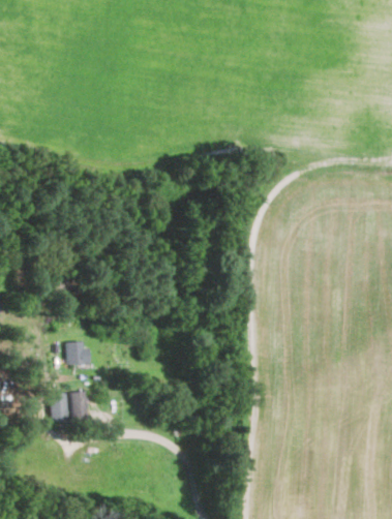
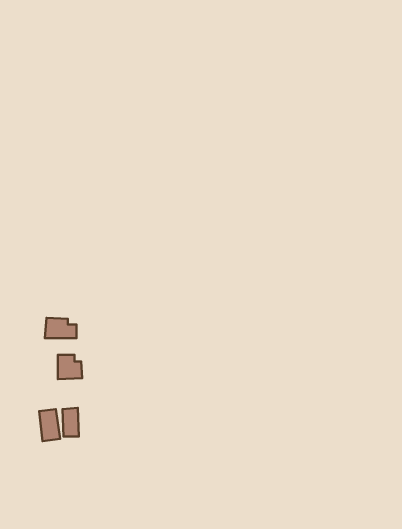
building: none -> [45,318,76,338]

